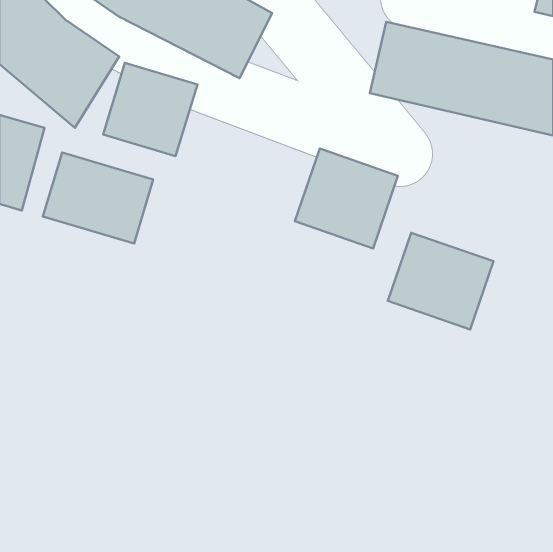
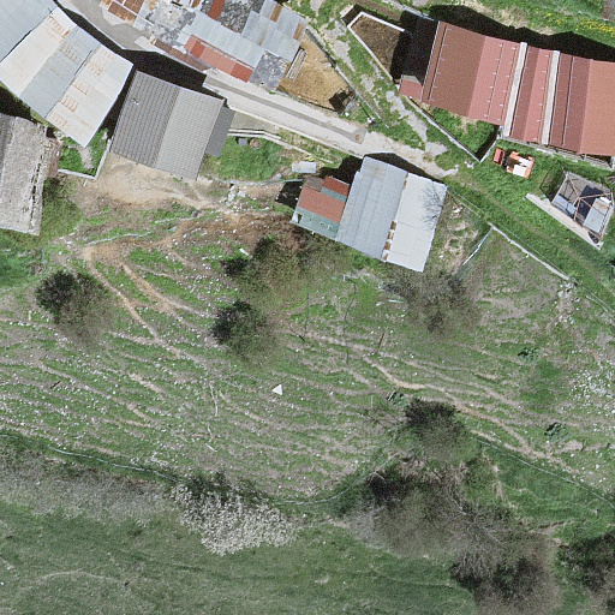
building: [43,153,153,243] -> none
building: [388,233,493,329] -> none

